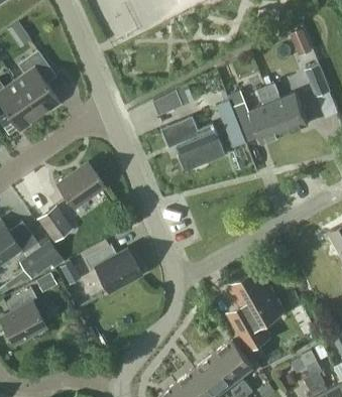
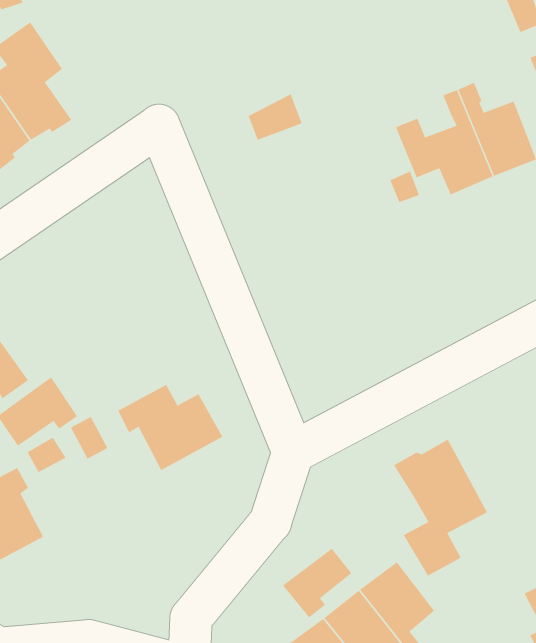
building: [161,117,226,172] -> none
building: [56,163,103,207] -> none
building: [36,207,72,243] -> none
building: none -> [282,548,352,618]

